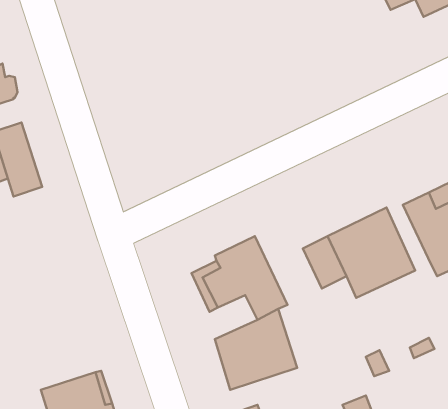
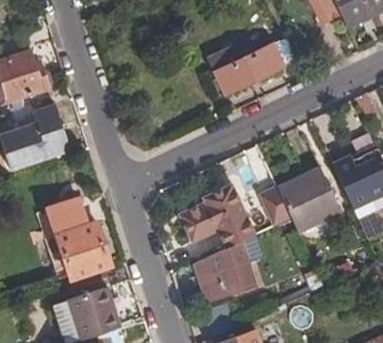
building: none -> [206,39,295,95]
building: none -> [47,199,110,280]

